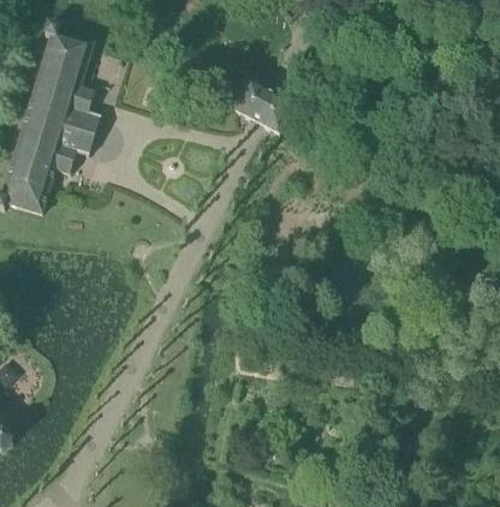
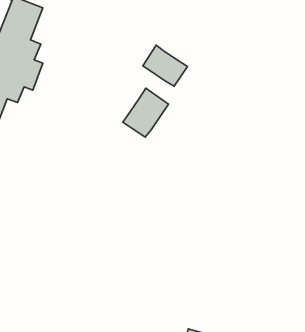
building: none -> [123,88,169,137]

